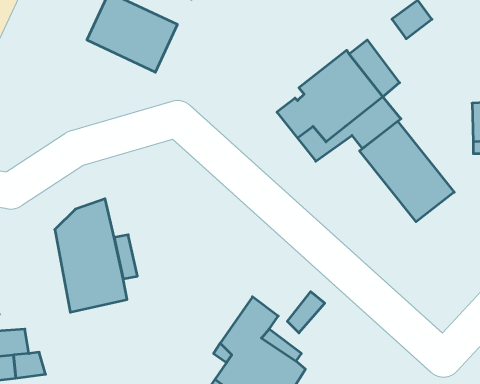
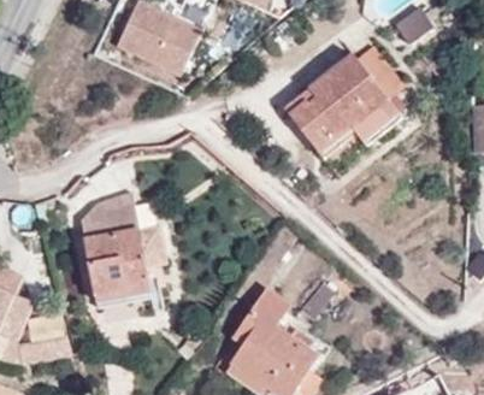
building: [360,121,454,222] -> none

